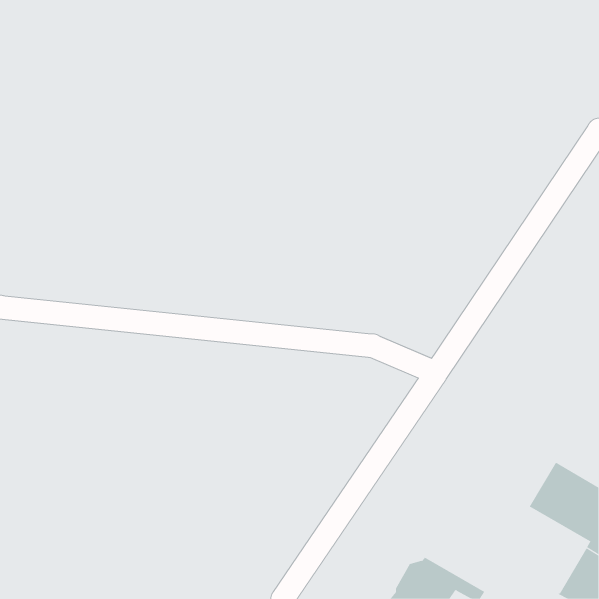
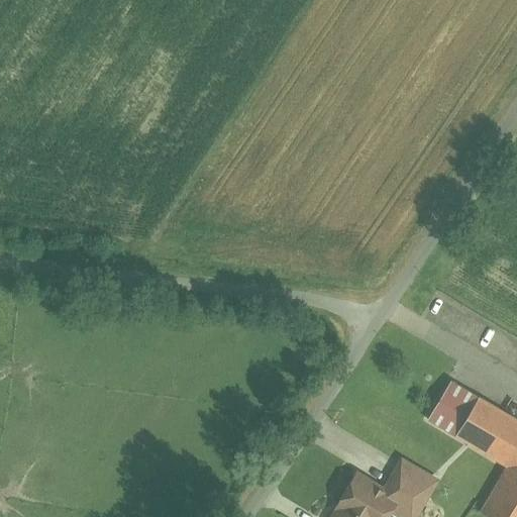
building: none -> [428,382,479,436]
building: none -> [387,464,434,510]

